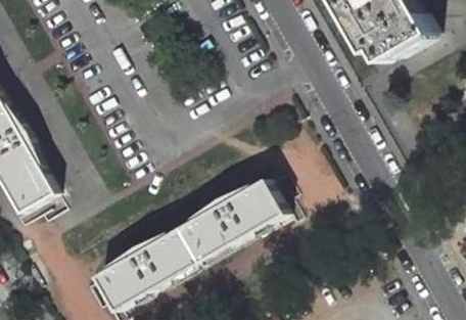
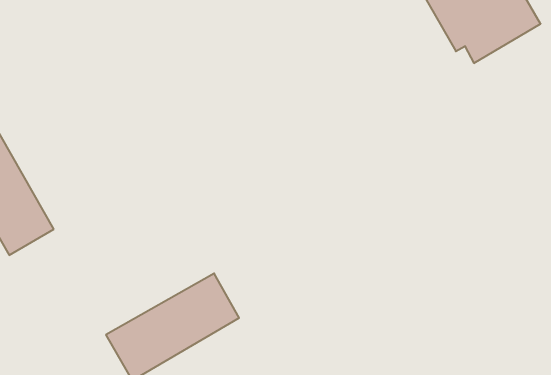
building: [179,179,284,263] -> none

